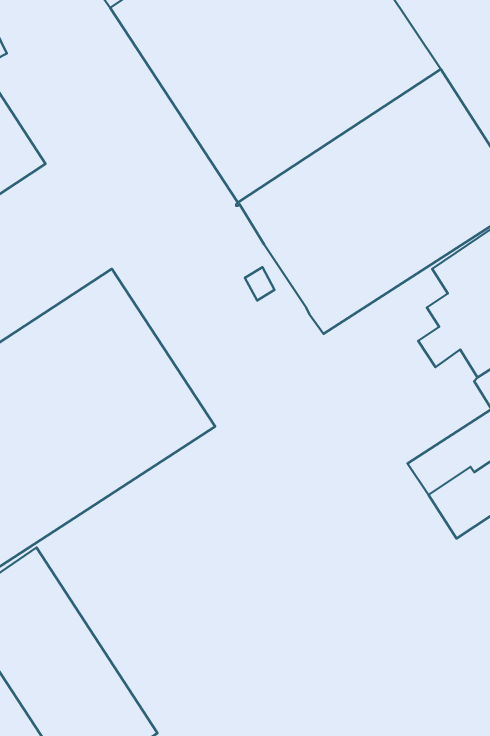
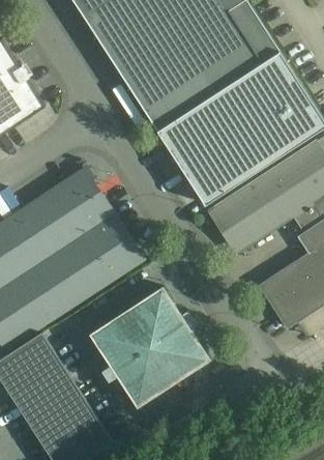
building: none -> [209,168,282,251]
building: none -> [91,286,208,403]

